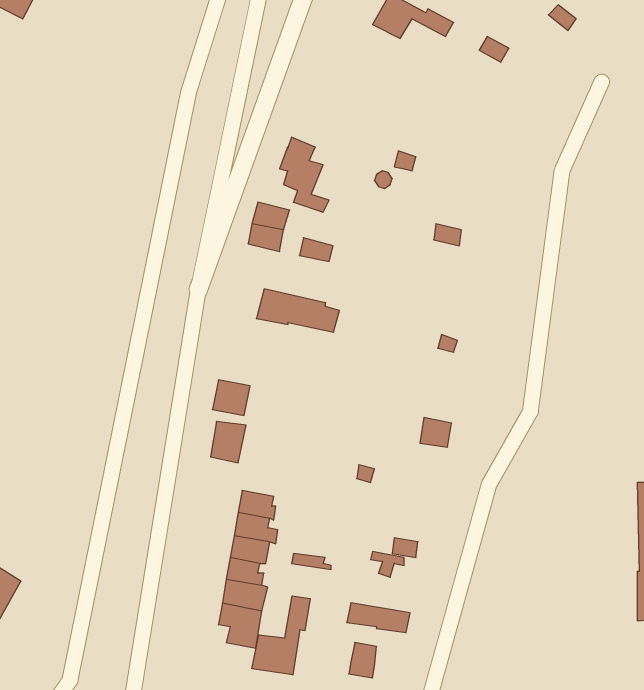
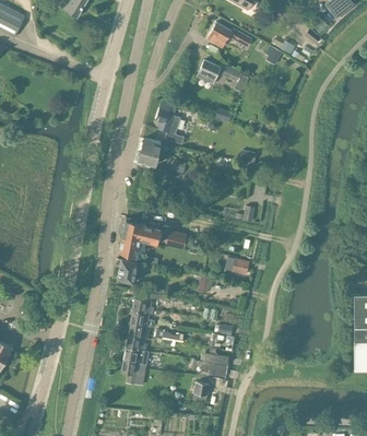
building: none -> [198,60,248,91]
building: [256,289,339,332] -> [122,220,168,244]
building: [252,596,310,675] -> none

